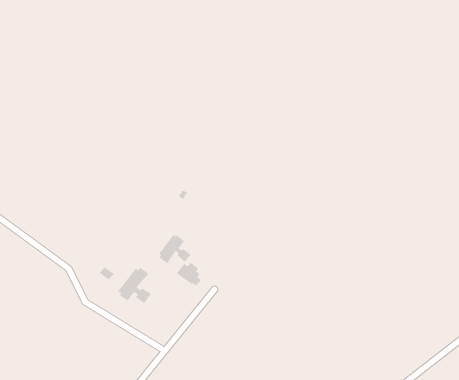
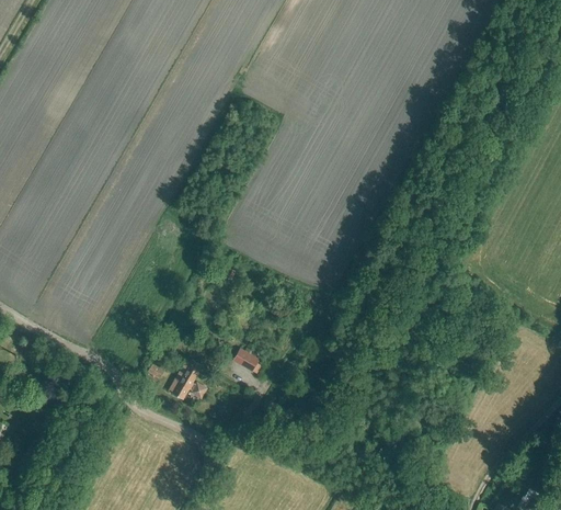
building: [158,234,191,264] -> none

